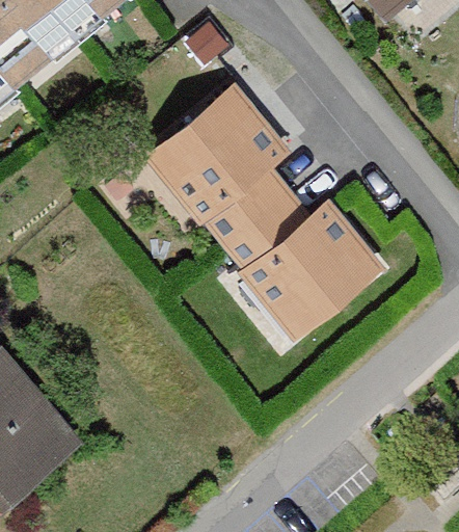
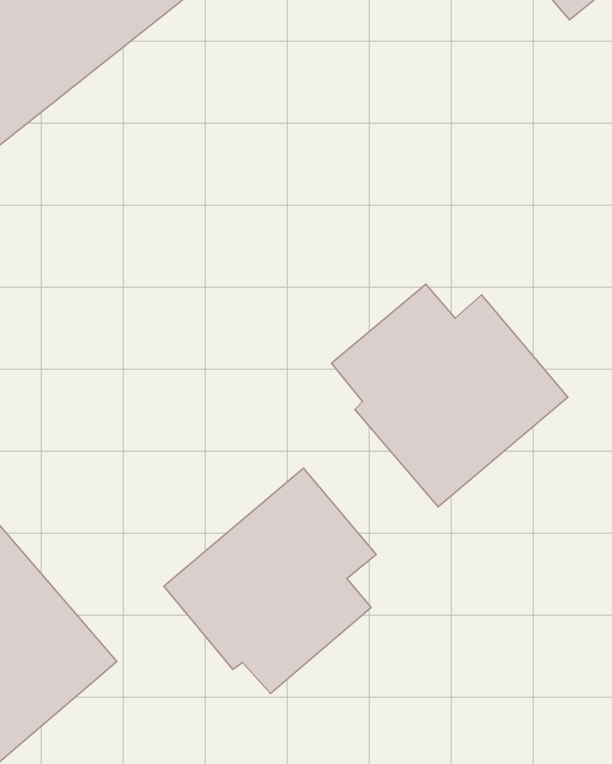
building: [144,84,292,245] -> none
building: none -> [164,468,376,693]

